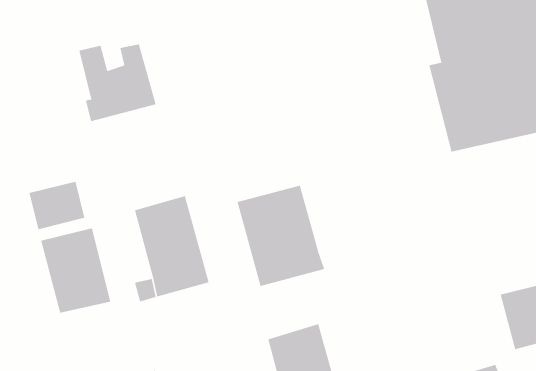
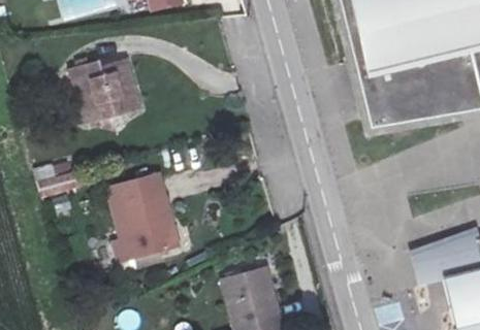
building: [237,185,325,287] -> none
building: [41,227,111,313] -> none

